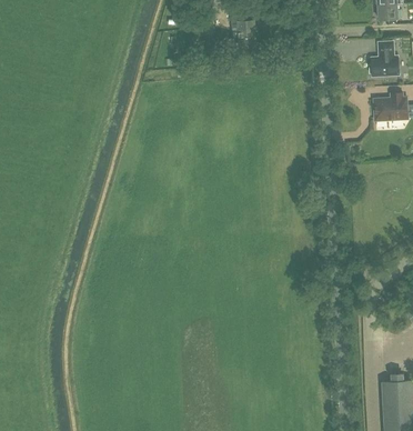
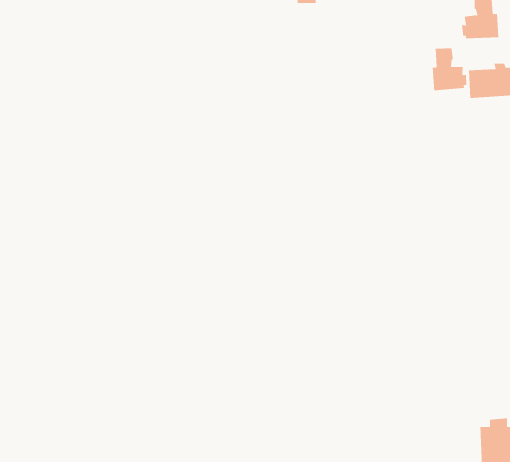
building: none -> [432,48,467,91]

